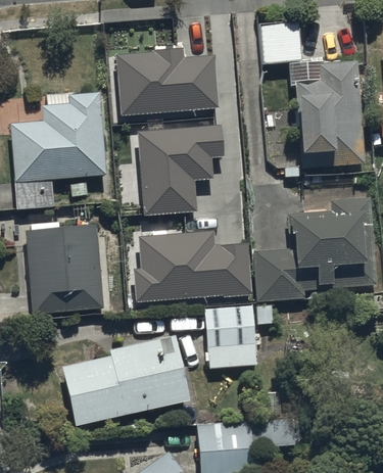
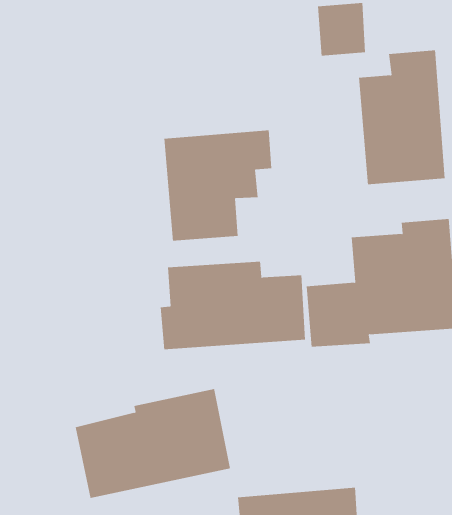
building: [116,49,219,115] -> none
building: [9,92,106,208] -> none
building: [26,225,103,314] -> none
building: [206,304,257,368] -> none

